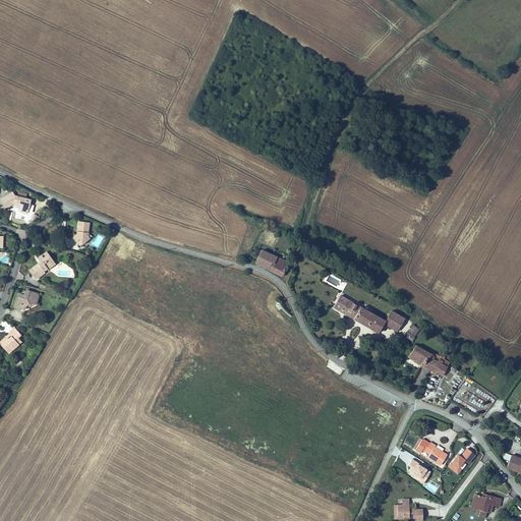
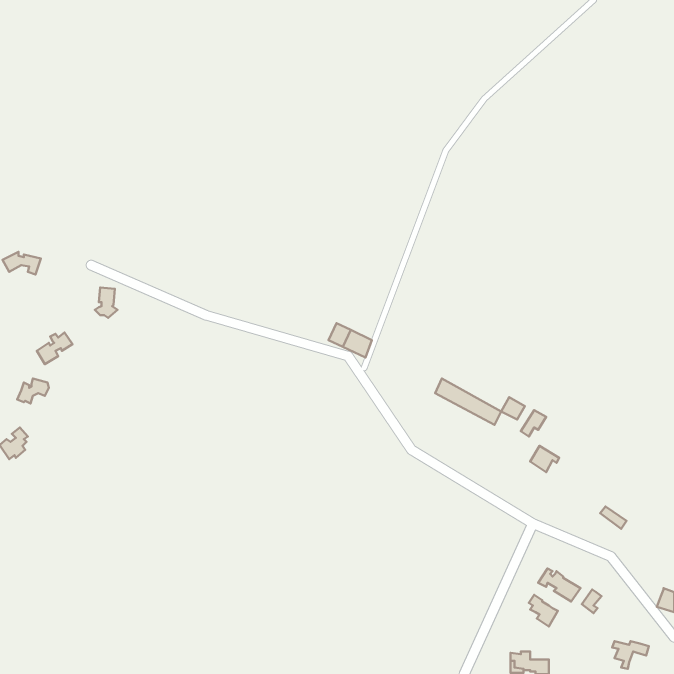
building: [421,351,450,377] -> none

